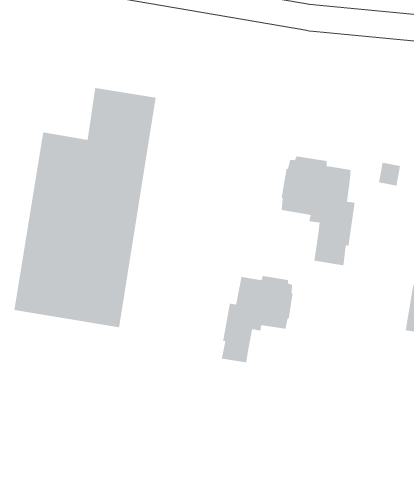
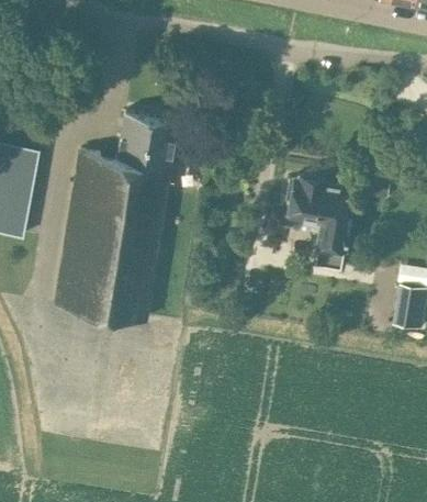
building: [221,275,293,363] -> none

